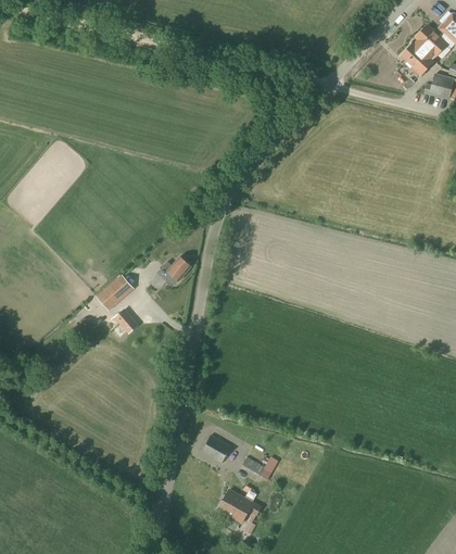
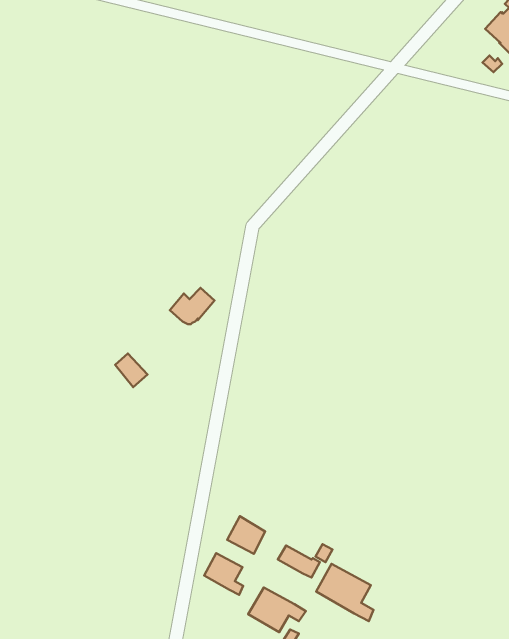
building: [97,274,135,311] -> none
building: none -> [204,553,243,595]
building: none -> [316,564,374,621]

